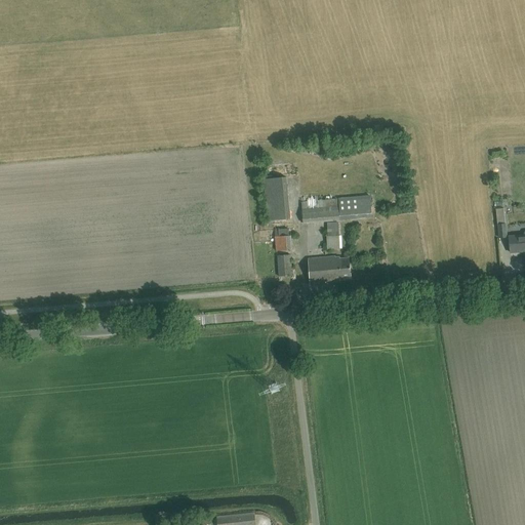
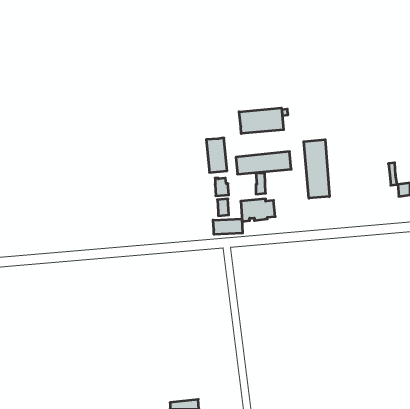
building: none -> [239,108,284,134]
building: none -> [304,140,329,198]
building: none -> [213,219,243,234]

